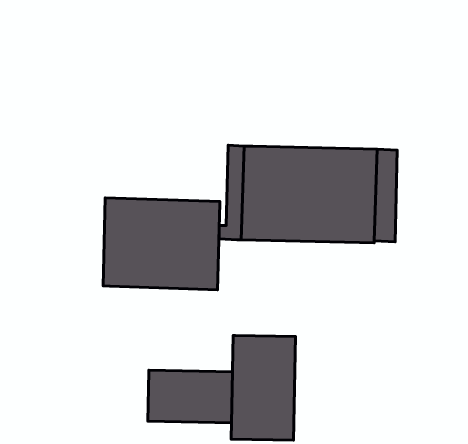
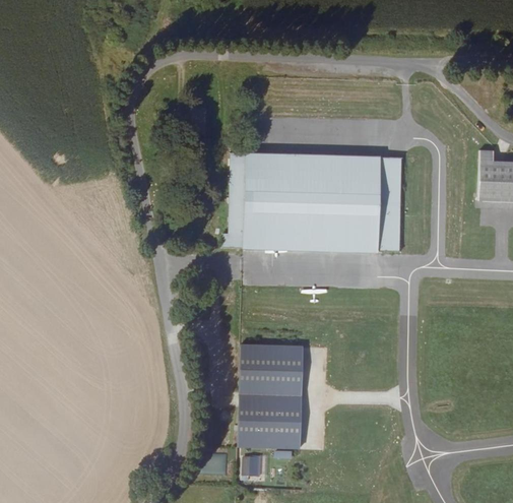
building: [103,198,220,290] -> none
building: [148,370,233,423] -> none

